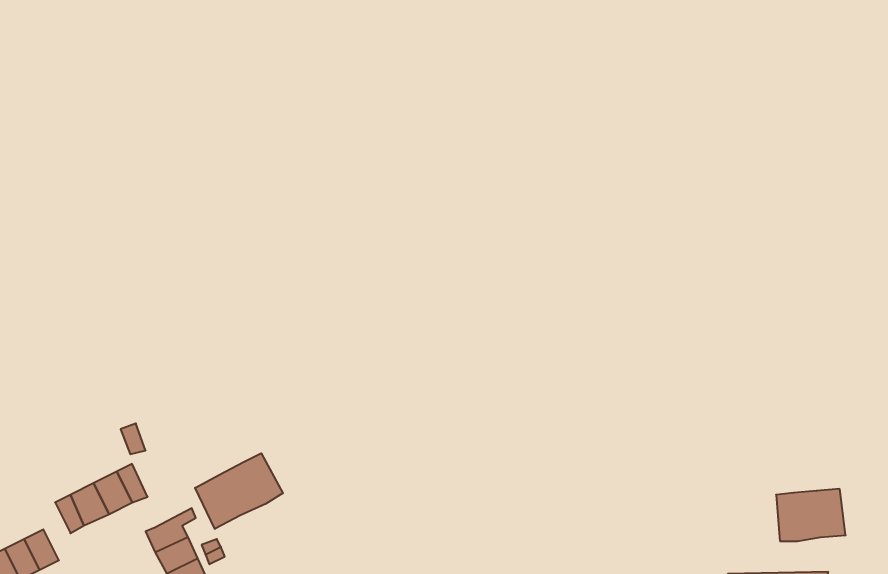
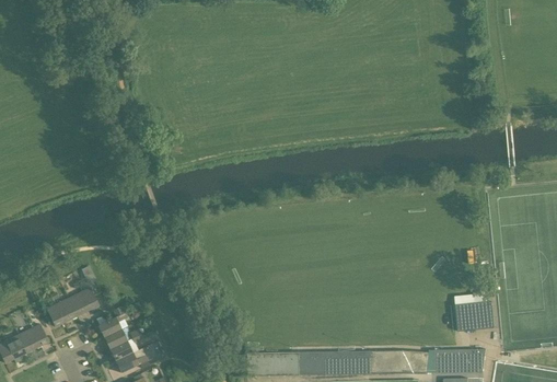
building: [195,453,283,529] -> none

